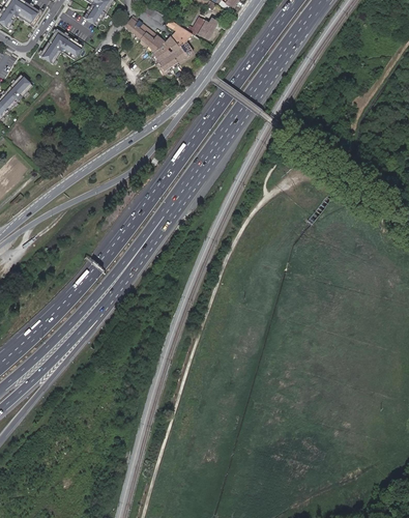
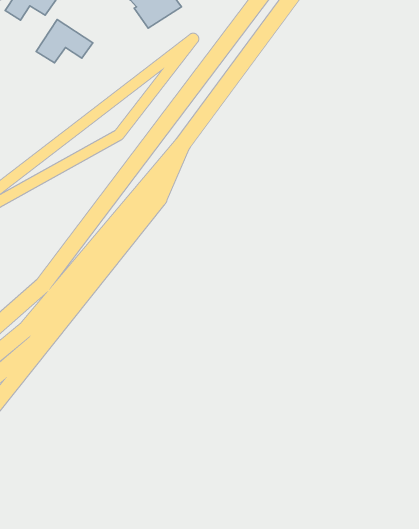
building: none -> [36,20,93,63]

